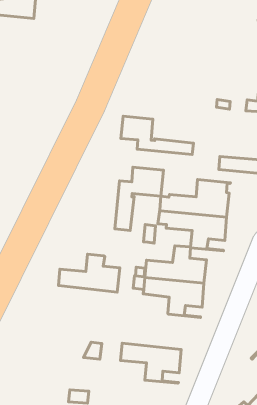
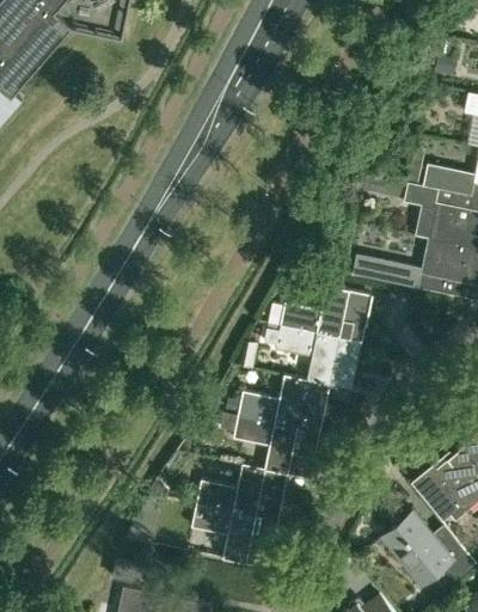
building: [121,116,193,154] -> none
building: [115,167,164,230] -> none
building: [58,254,120,292] -> [196,464,284,521]

